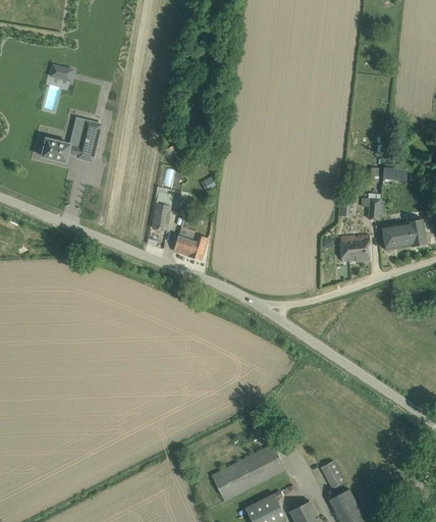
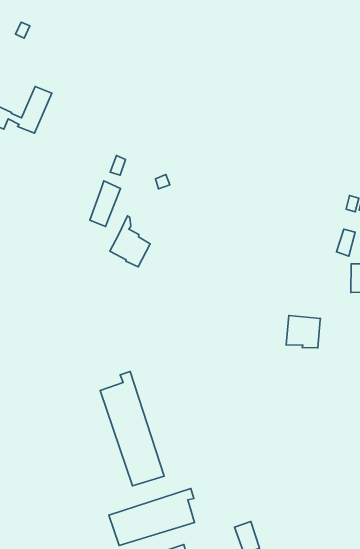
building: [339,234,369,262] -> [286,315,320,348]
building: none -> [100,371,164,486]

